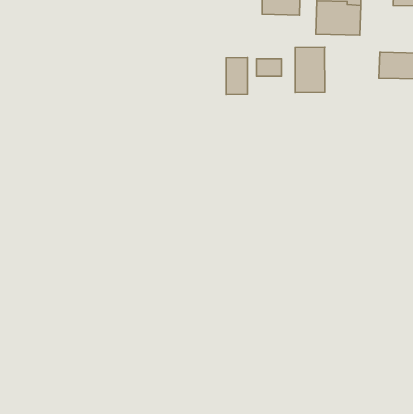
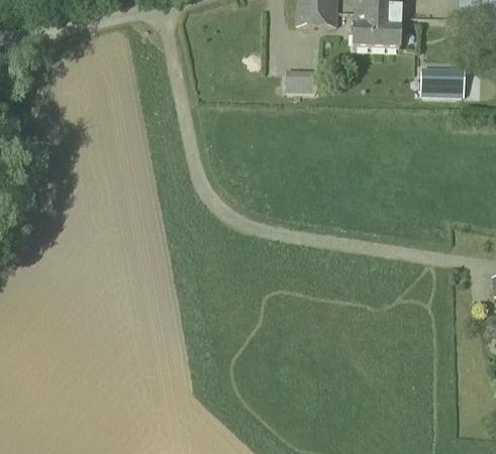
building: [295,47,325,93] -> none
building: [226,57,248,94] -> none

